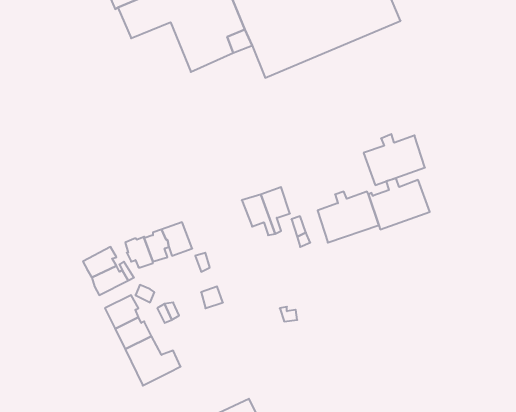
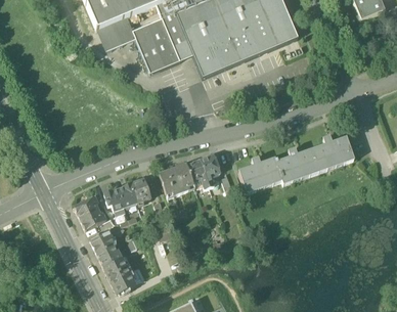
building: [364,134,425,185] -> [310,135,353,171]
building: none -> [159,163,193,193]

